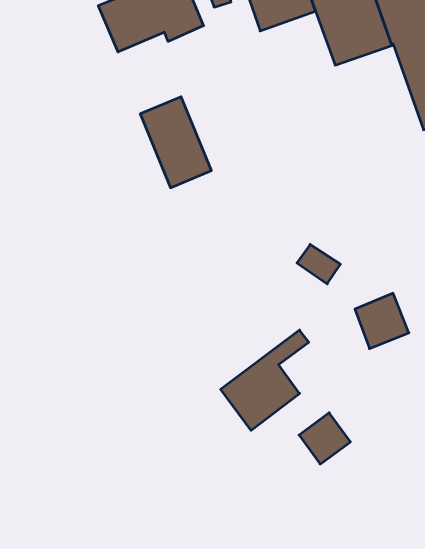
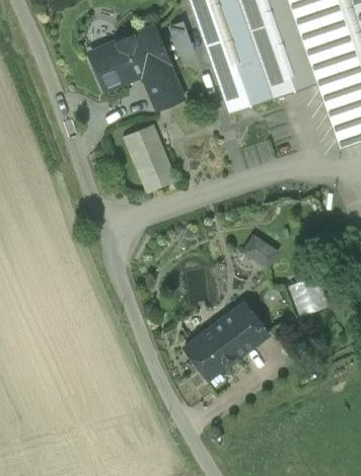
building: none -> [215,57,273,112]
building: none -> [144,68,184,108]
building: [299,413,350,464] -> [229,311,269,350]

